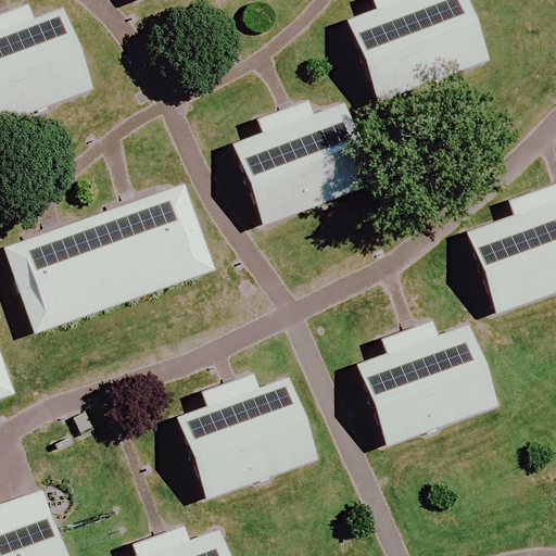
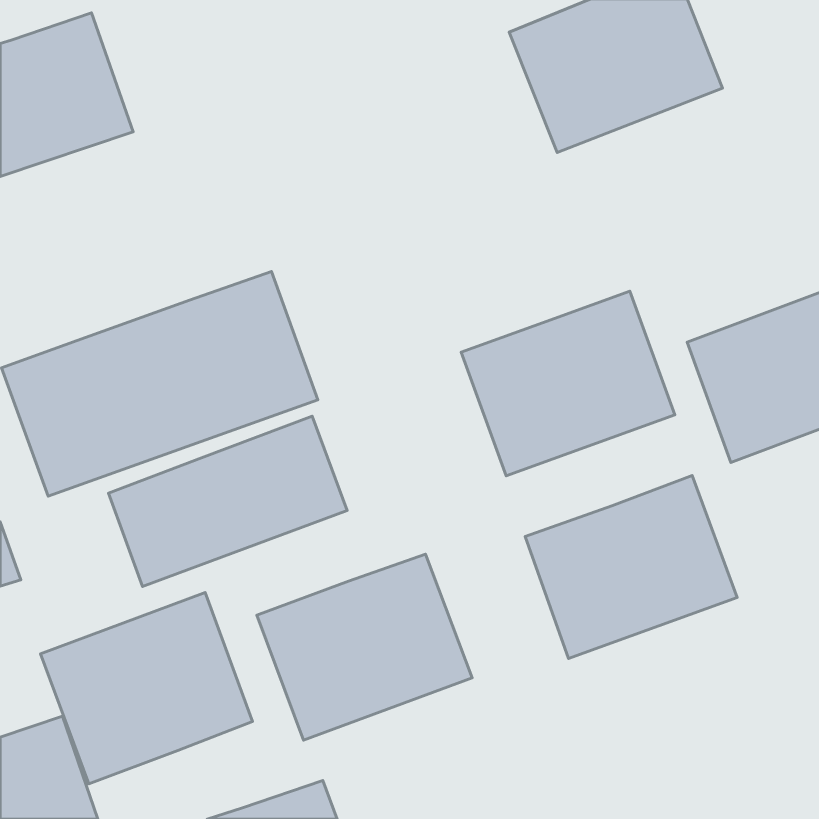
building: [230,101,375,226] -> [461,291,675,476]
building: none -> [109,416,347,587]
building: none -> [40,593,252,784]

